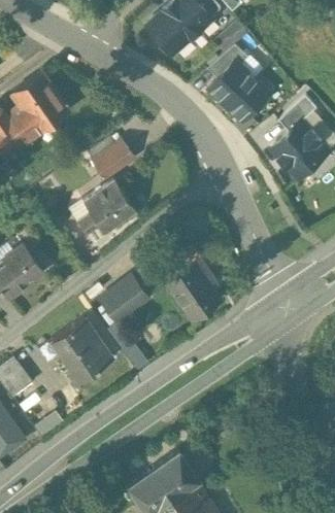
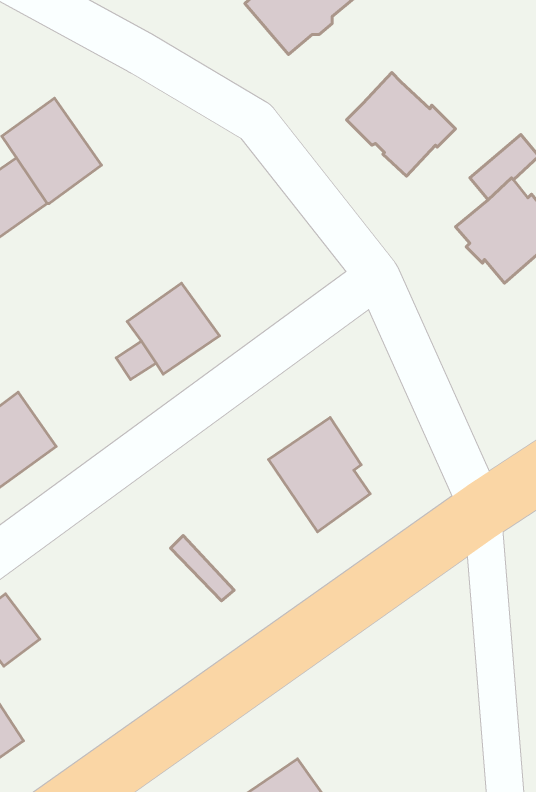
building: [206,45,247,79] -> none
building: [91,140,135,181] -> none
building: [101,277,147,322] -> none
building: [51,316,110,383] -> none

